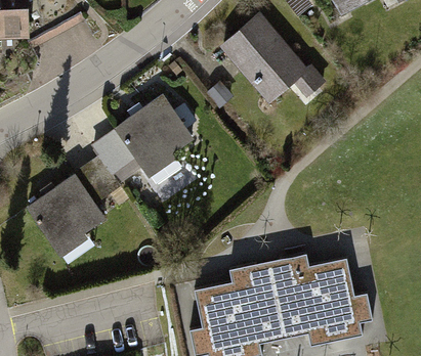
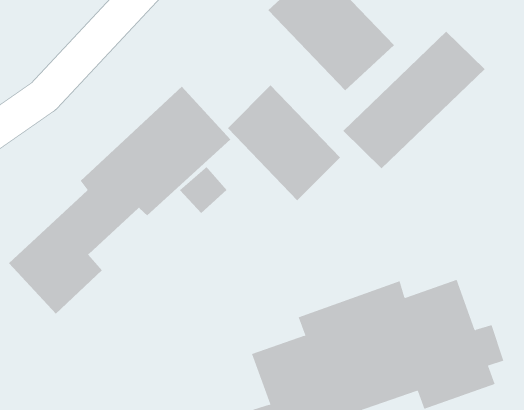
building: none -> [342,31,486,169]
building: none -> [227,85,341,201]

